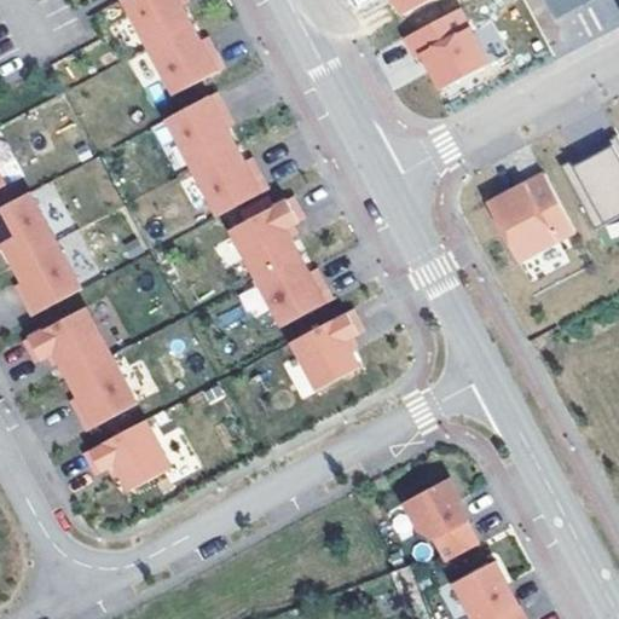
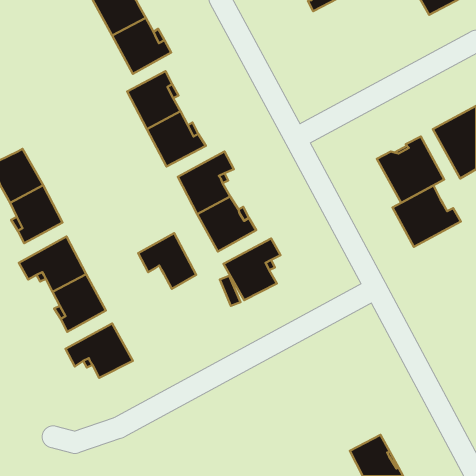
building: [404,11,487,91] -> none
building: none -> [393,185,461,247]
building: none -> [138,233,196,289]
building: [404,478,476,561] -> none

